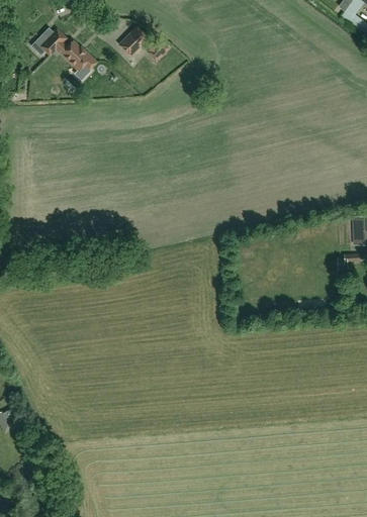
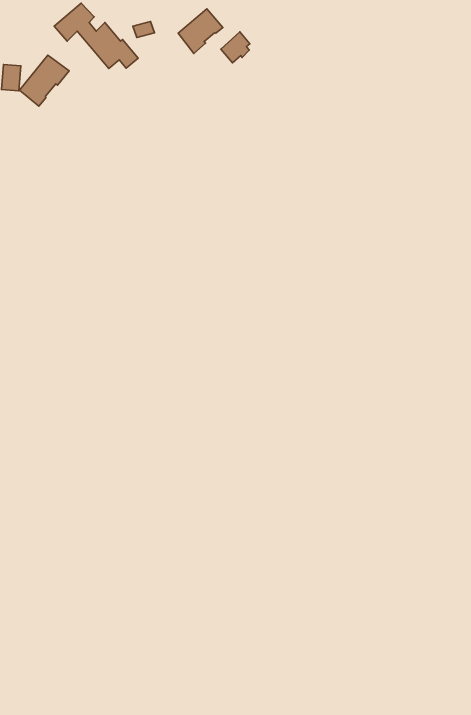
building: none -> [19,55,69,106]

